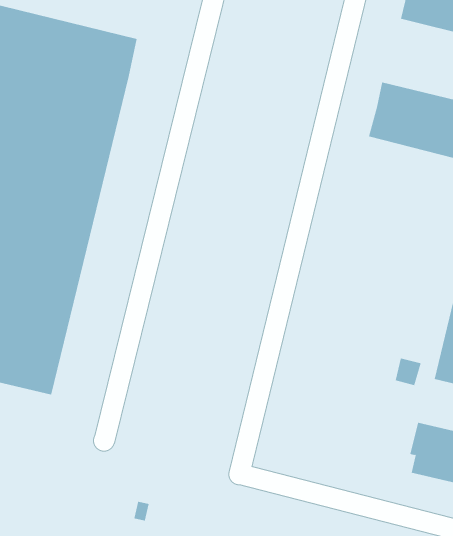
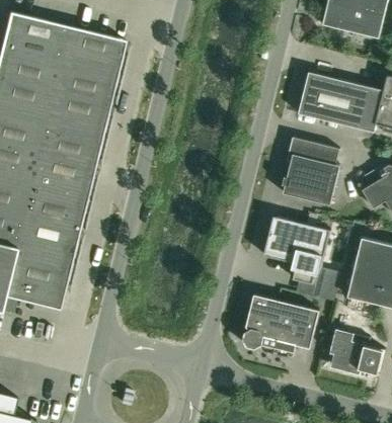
building: none -> [283,137,339,204]
building: none -> [263,216,330,283]
building: none -> [242,294,319,357]

